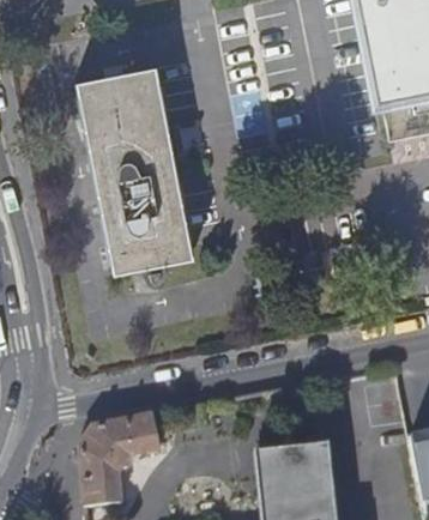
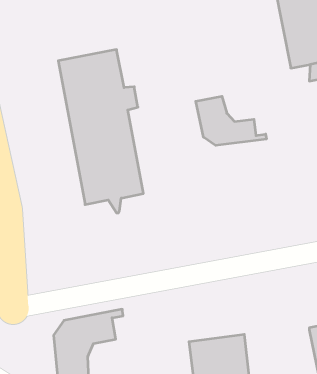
building: none -> [196,96,266,145]

